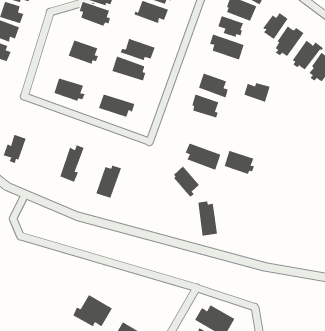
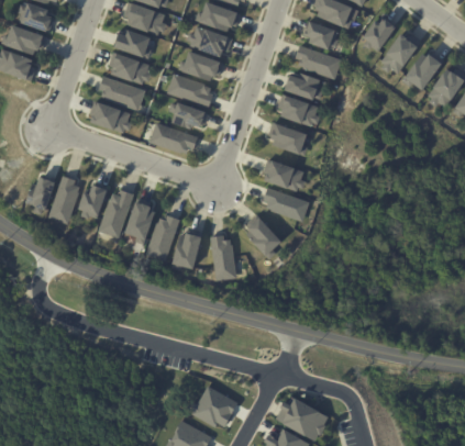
building: none -> [187,25,233,56]
building: none -> [114,30,152,59]
building: none -> [98,76,145,111]
building: none -> [169,102,208,130]
building: [244,82,271,103] -> [286,74,321,100]
building: none -> [48,175,78,224]
building: none -> [80,185,108,219]
building: [224,150,255,175] -> [265,160,306,192]
building: none -> [126,201,155,245]
building: none -> [173,233,203,271]
building: [198,201,218,236] -> [211,235,237,281]
building: [72,294,113,327] -> [187,384,240,427]

